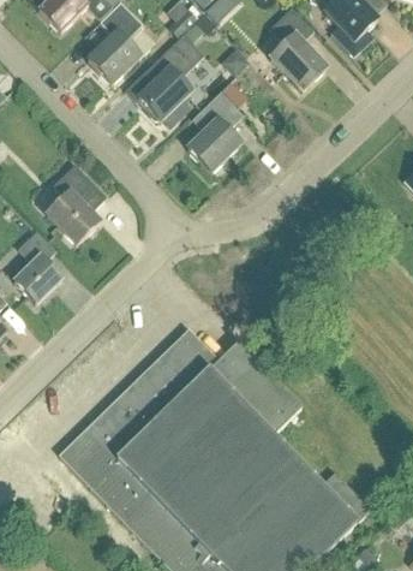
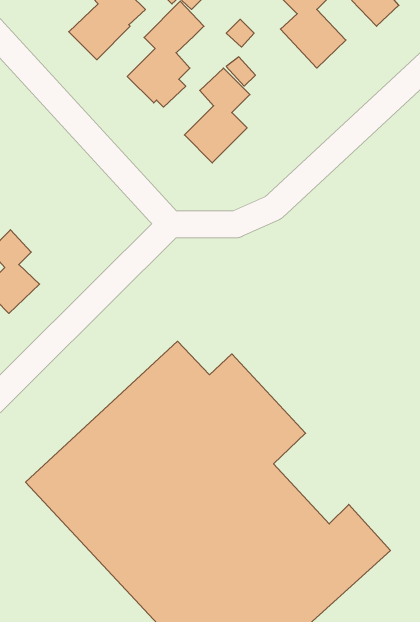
building: [47,165,107,243] -> none

